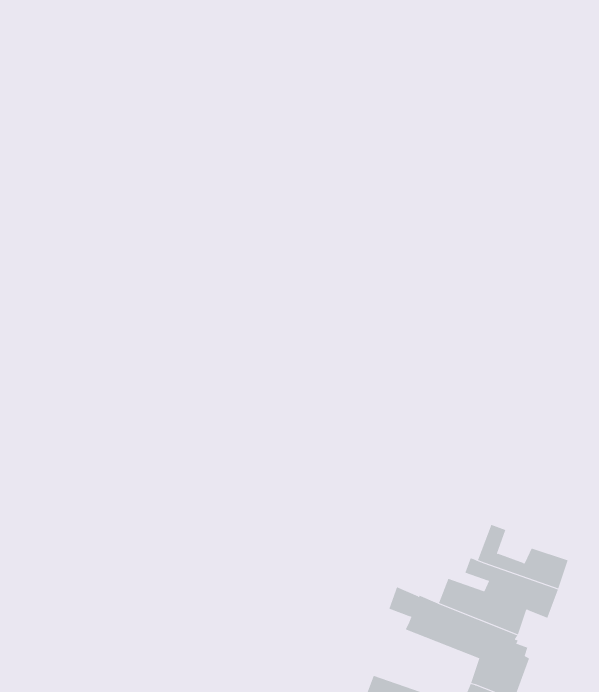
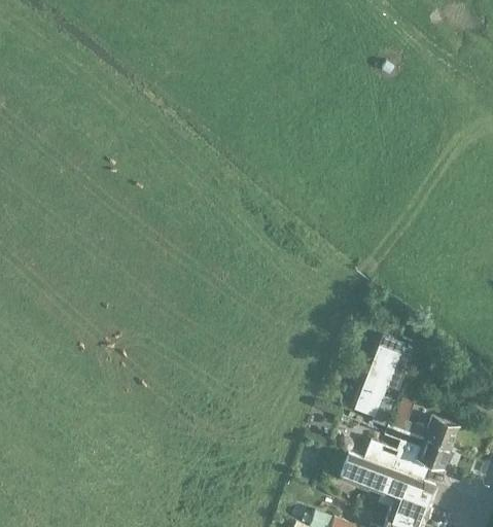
building: none -> [355,336,412,425]

